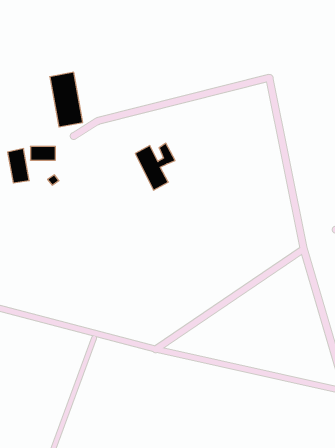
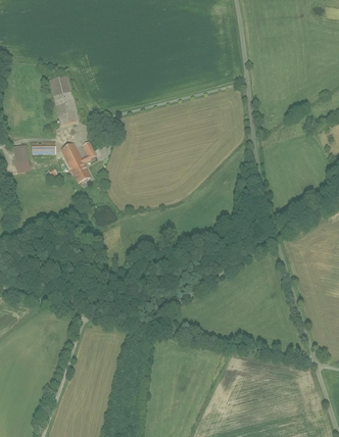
building: [135,143,175,190] -> [61,141,97,183]

